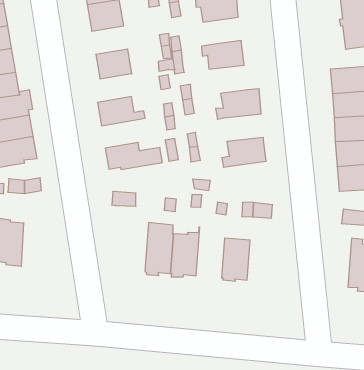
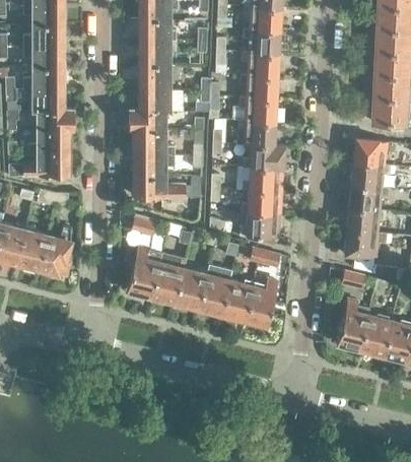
building: none -> [239,74,278,97]
building: none -> [140,65,170,87]
building: none -> [237,119,276,144]
building: none -> [130,110,166,132]
building: none -> [242,167,284,191]
building: none -> [134,154,176,176]
building: none -> [239,212,281,238]
building: none -> [38,225,71,276]
building: none -> [127,246,162,296]
building: none -> [198,264,231,315]
building: none -> [245,278,278,326]

